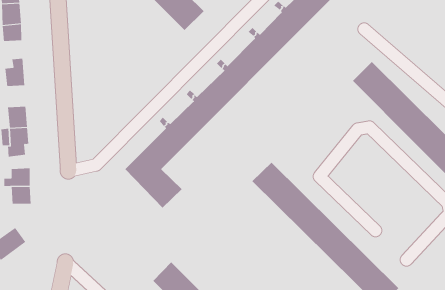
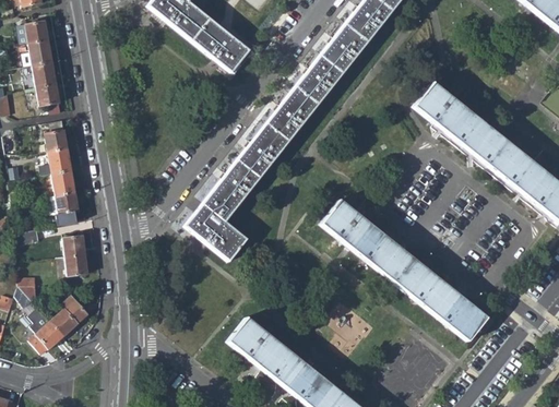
building: none -> [50,148,73,173]

